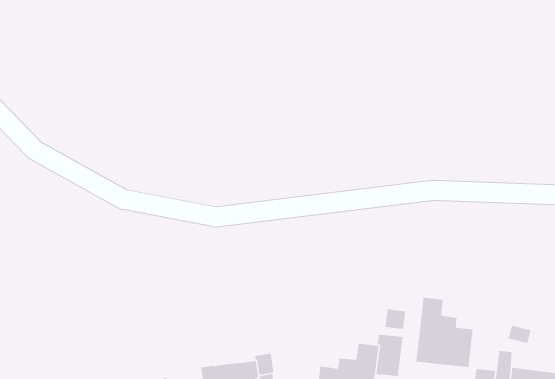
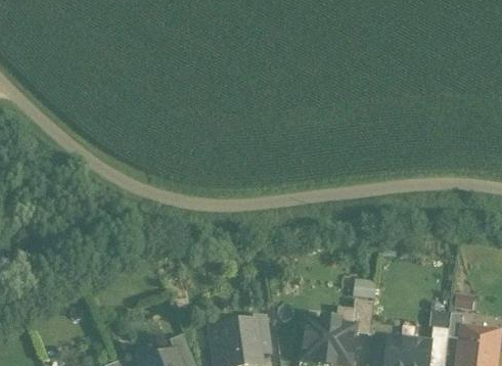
building: [416,297,474,368] -> none

